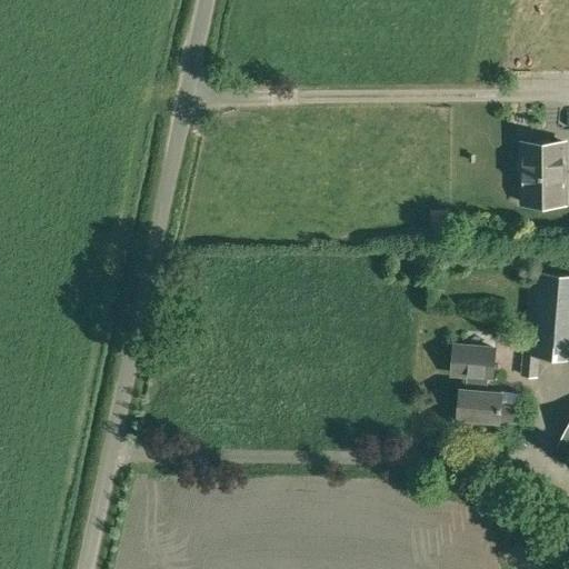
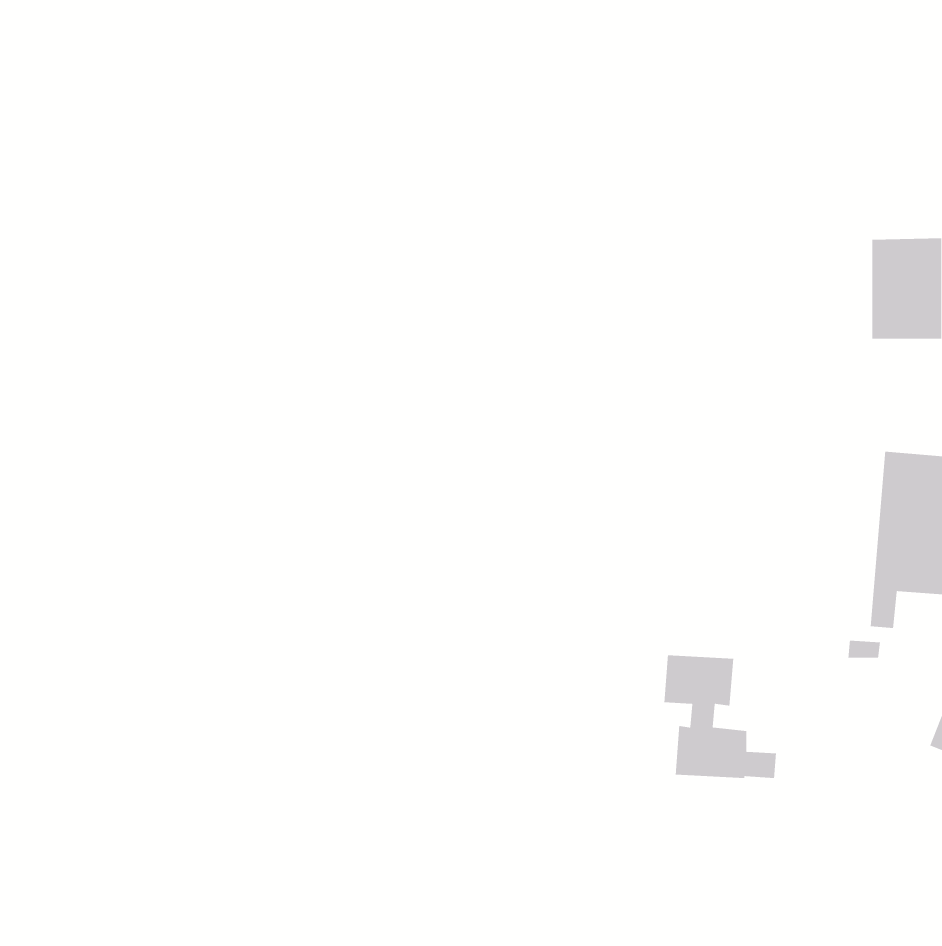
building: [455,347,522,421] -> [664,655,777,779]

